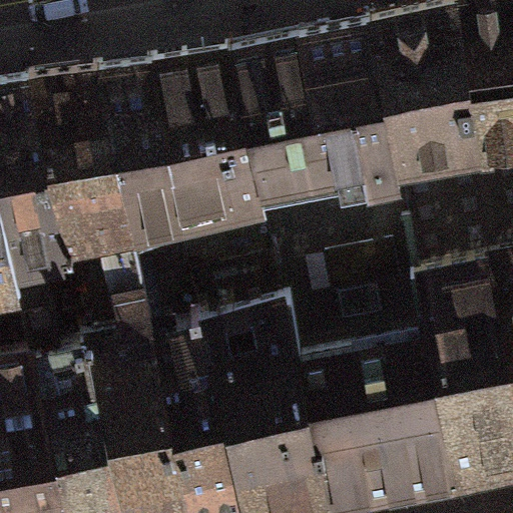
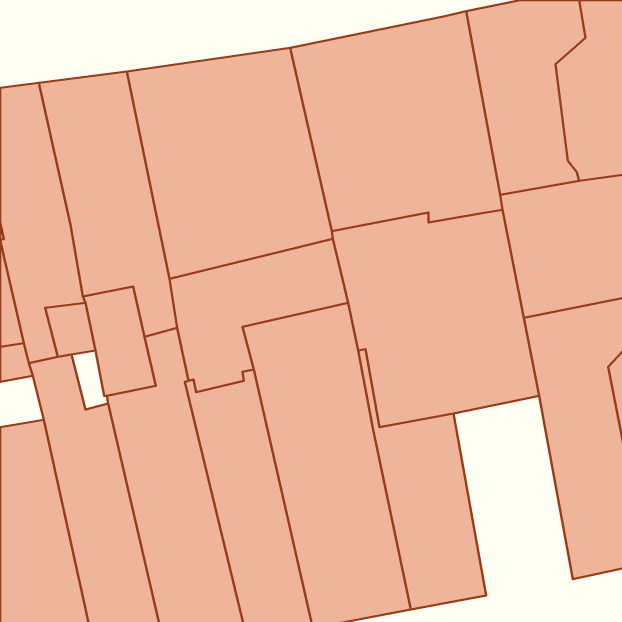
building: [378,332,473,491] -> none

